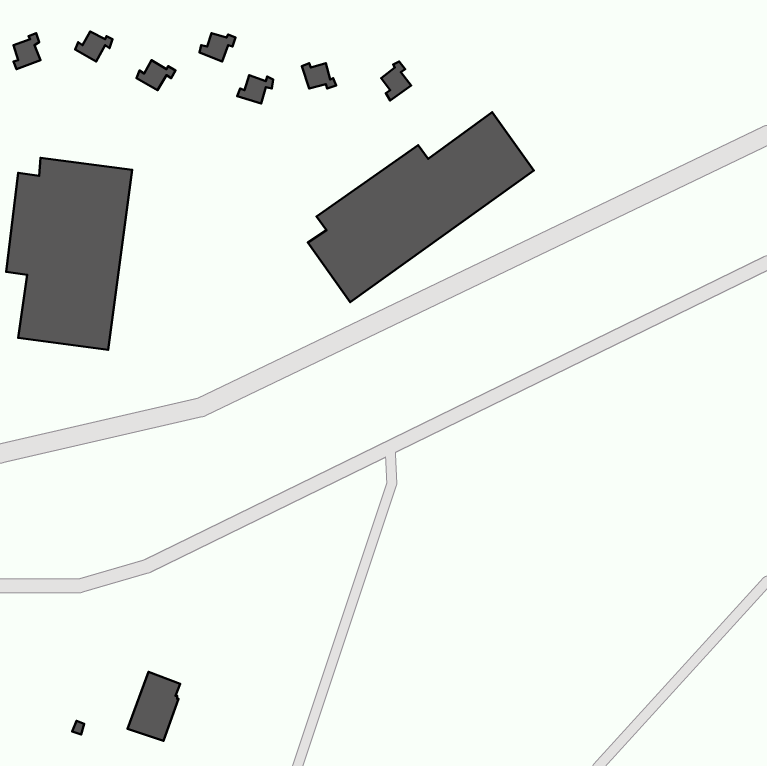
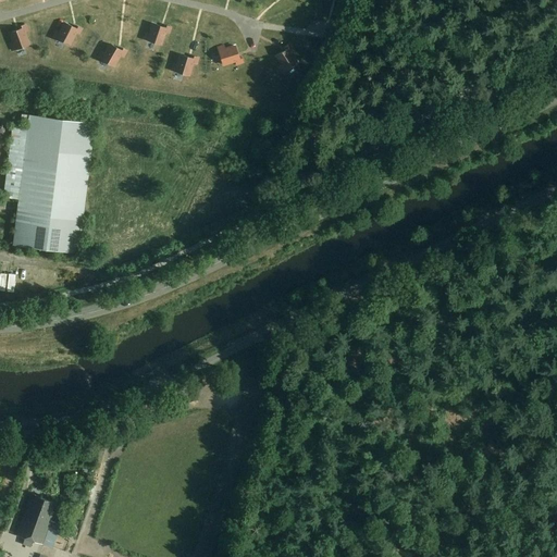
building: [308,112,534,302] -> none
building: [128,672,180,741] -> [16,495,54,545]

